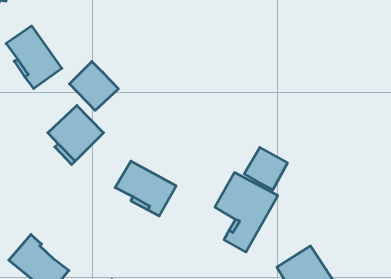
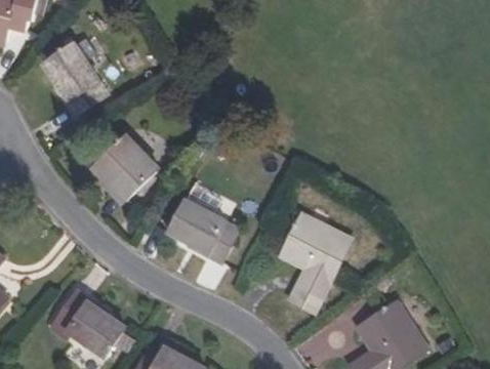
building: [69,61,118,110] -> none
building: [244,147,287,190] -> none

